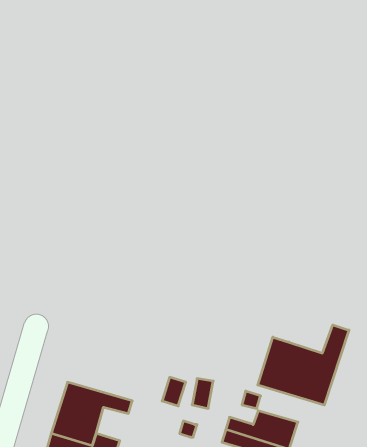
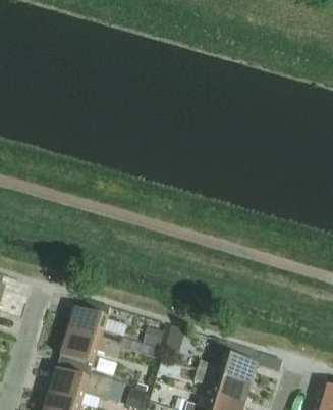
building: [258,325,349,405] -> none
building: none -> [66,310,138,353]

